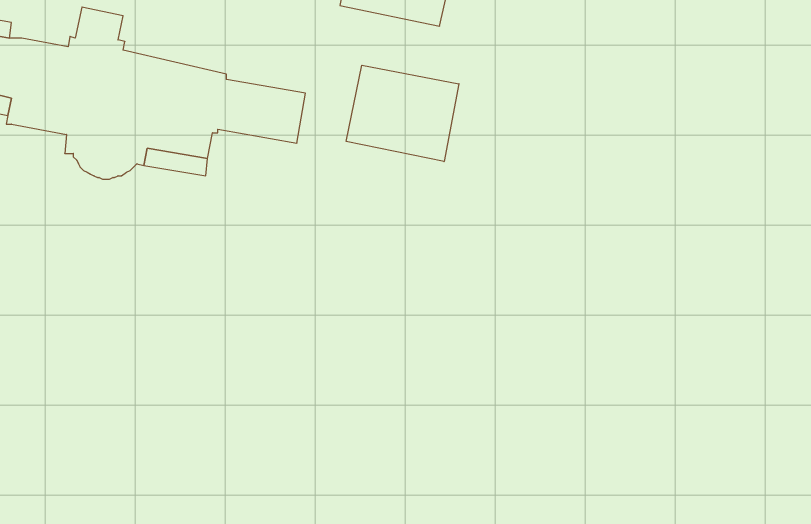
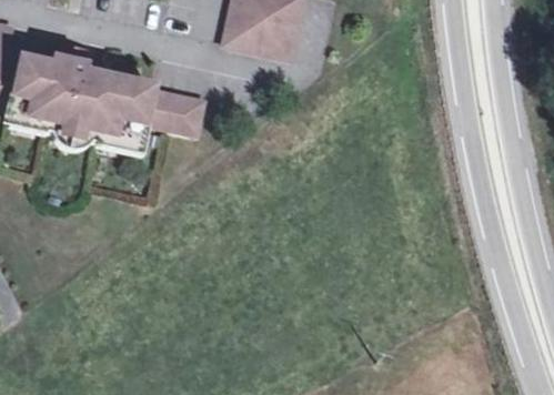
building: [346,65,459,162] -> none

